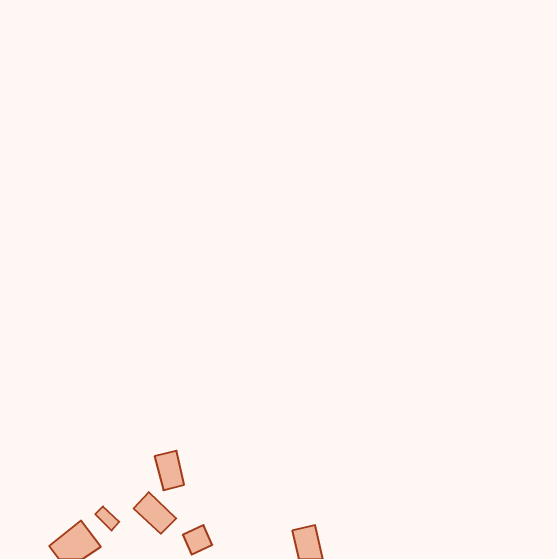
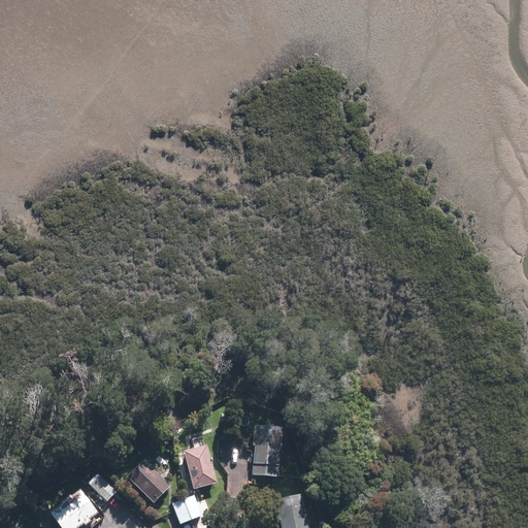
building: [155,451,184,490] -> [186,447,213,484]
building: none -> [255,429,278,472]

